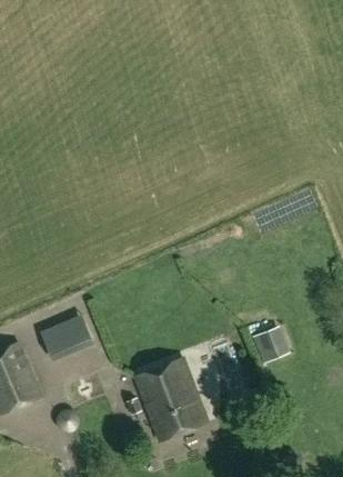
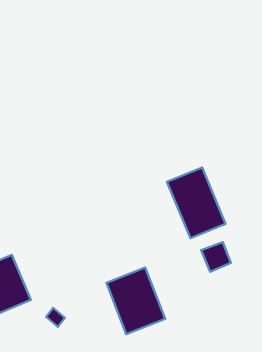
building: none -> [167,168,226,238]
building: [41,314,94,360] -> none

